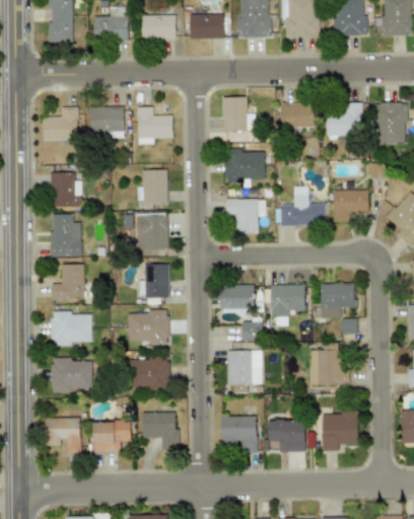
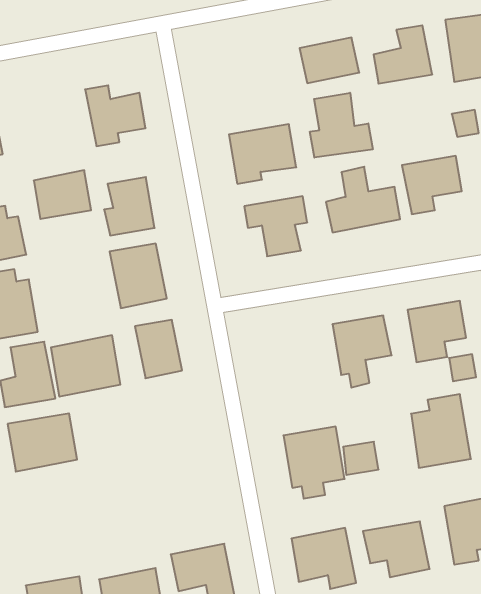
building: [222,96,255,131] -> none
building: [90,106,124,133] -> [34,170,91,219]
building: none -> [310,93,373,158]
building: [220,284,254,308] -> none
building: [128,310,168,344] -> [51,335,120,397]
building: [242,321,263,340] -> [343,442,379,475]
building: [131,358,169,389] -> none
building: [52,359,92,390] -> none

